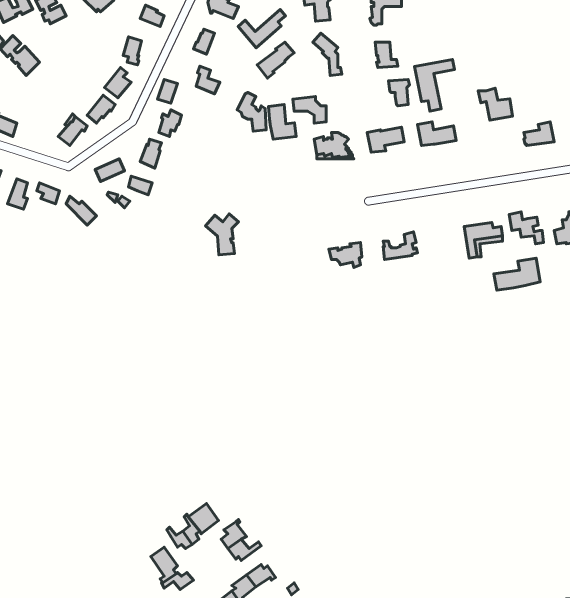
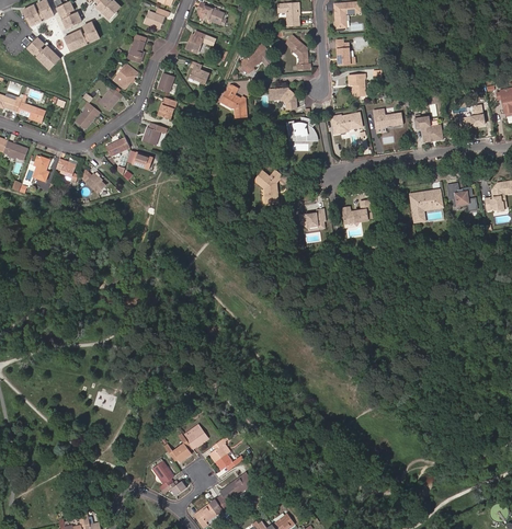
building: [238,10,286,48] -> none
building: none -> [64,22,99,51]
building: [414,59,454,111] -> none
building: [478,88,513,120] -> [413,115,442,141]
building: [268,105,296,139] -> none
building: [205,214,239,255] -> [254,169,282,203]
building: [494,258,540,290] -> none

